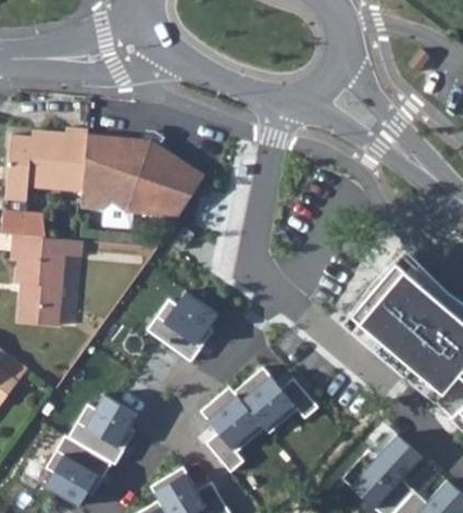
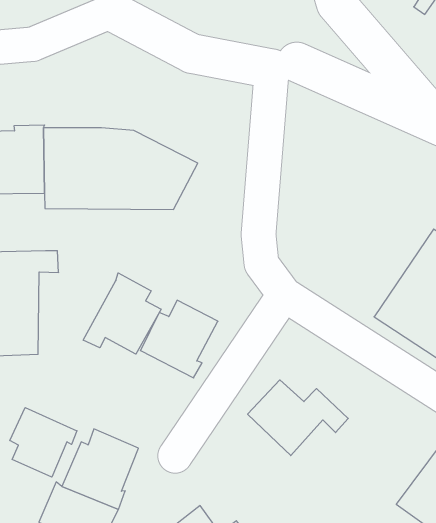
building: none -> [83,273,161,354]
building: none -> [10,408,77,477]
building: [201,389,261,473] -> none

